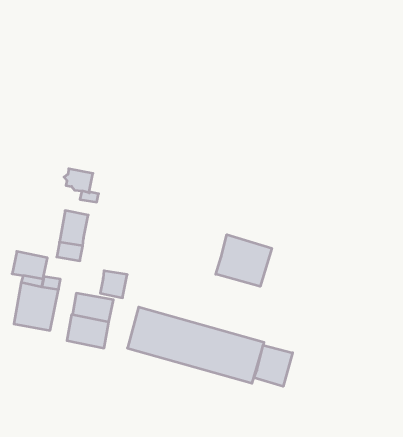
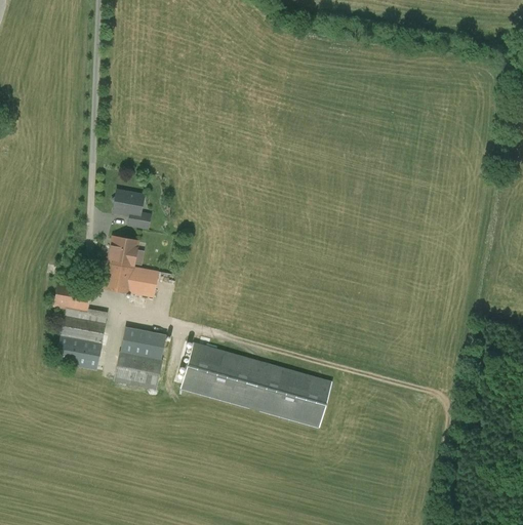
building: [216,235,272,286] -> none
building: [100,271,127,298] -> [129,267,159,296]
building: [254,345,293,386] -> none

